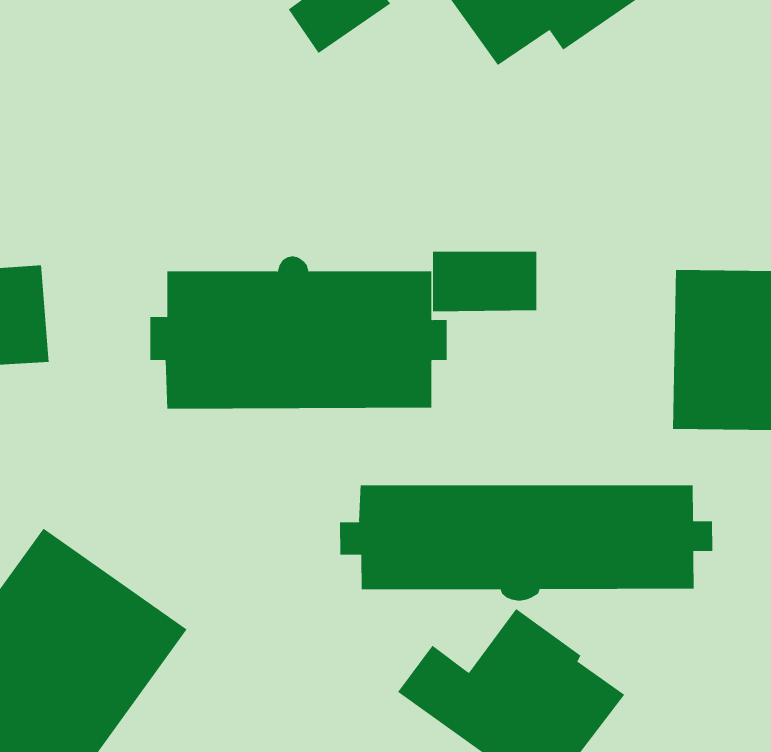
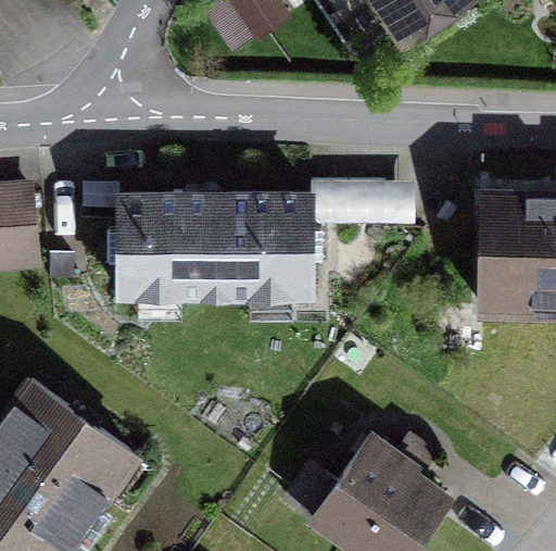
building: [340,484,713,601] -> none

